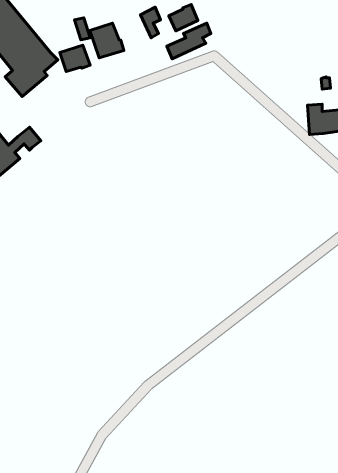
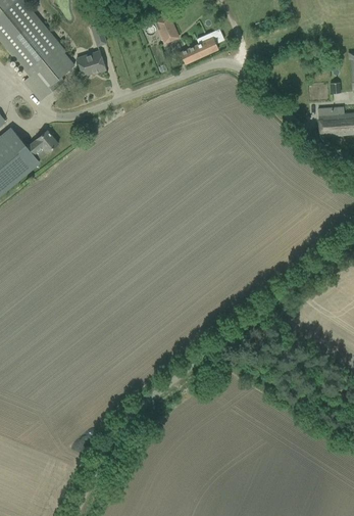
building: [169,4,198,31] -> none
building: [90,23,124,58] -> none

